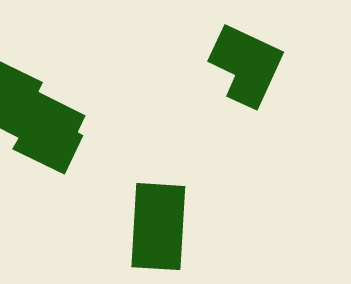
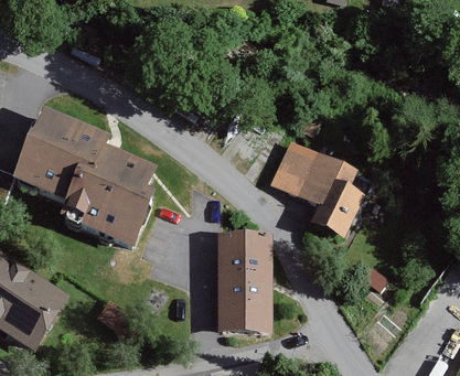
building: [206,23,285,112] -> [285,149,372,245]

